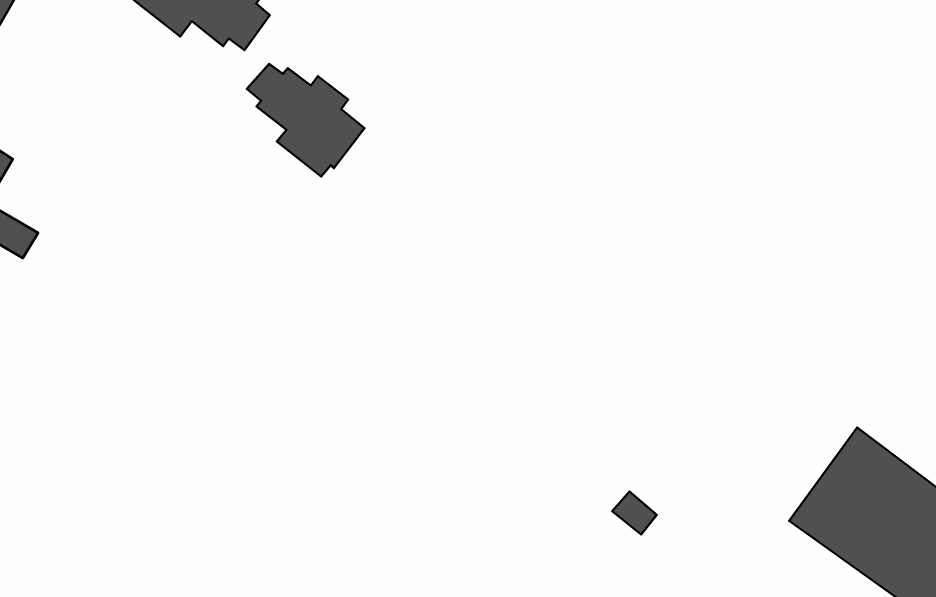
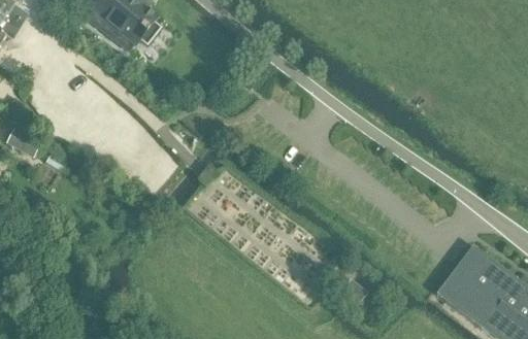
building: [247,64,365,177] -> none

